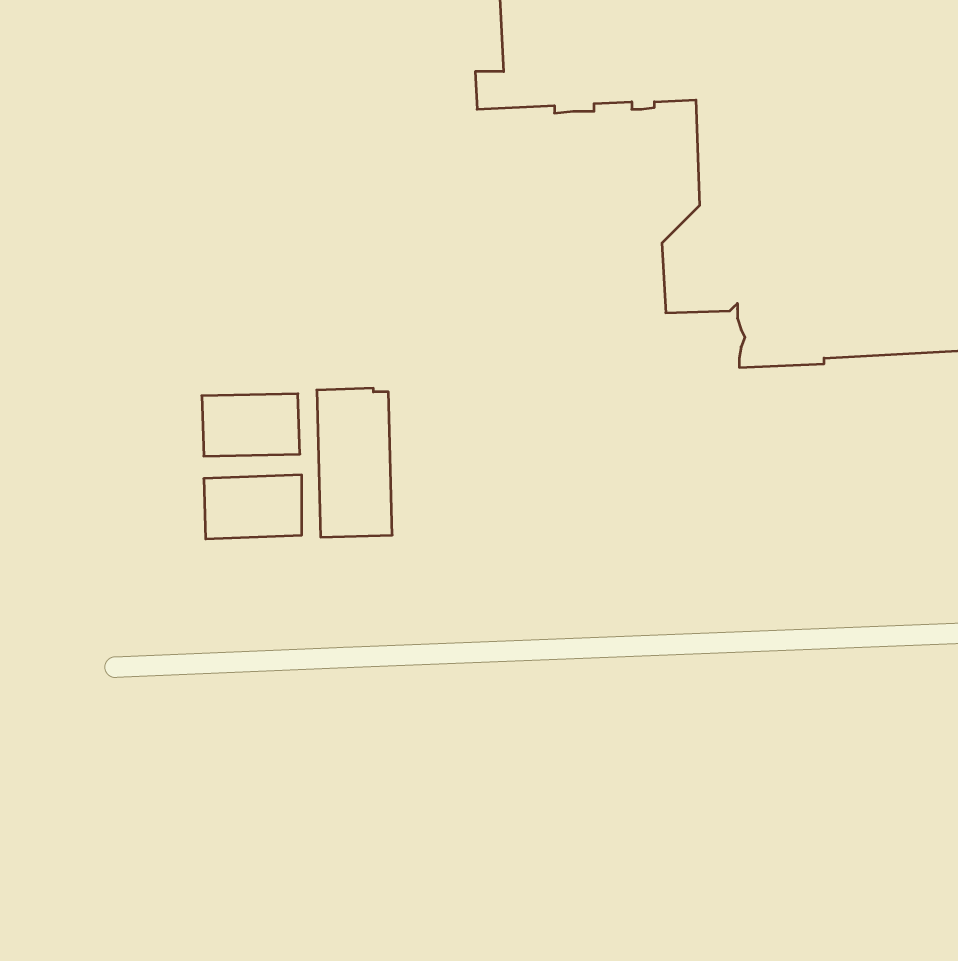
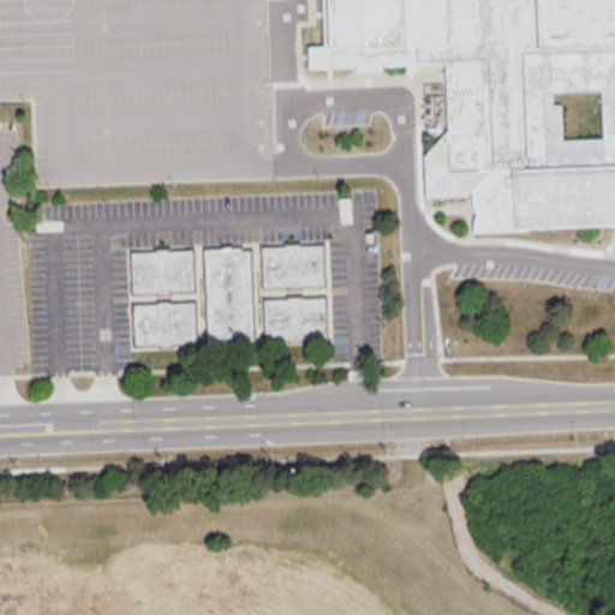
building: none -> [263,246,326,286]
building: none -> [264,298,327,338]

